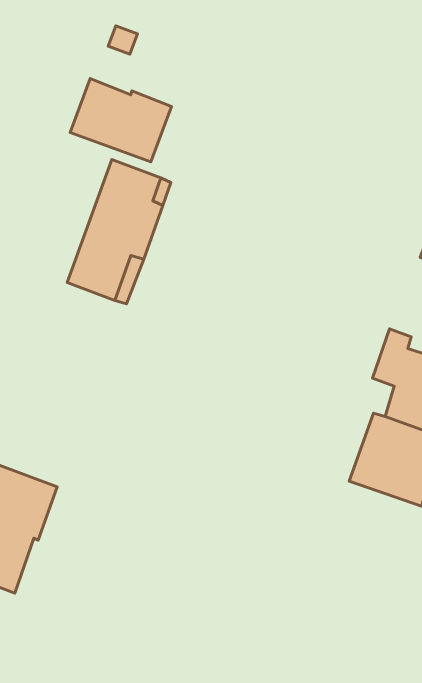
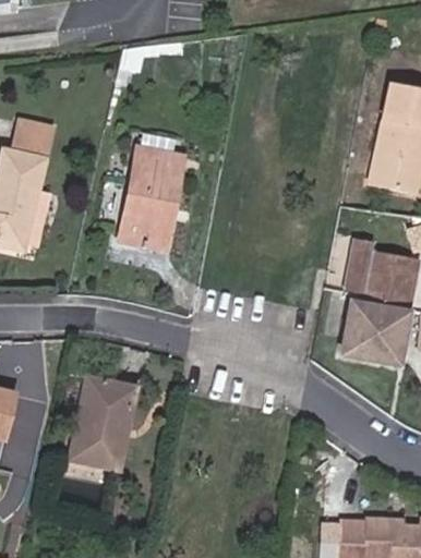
building: [70,78,172,162] -> none

